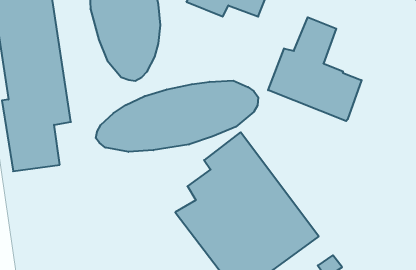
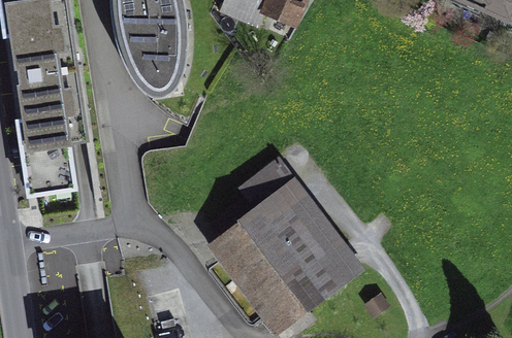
building: [268,17,362,121] -> none
building: [96,81,258,152] -> none

